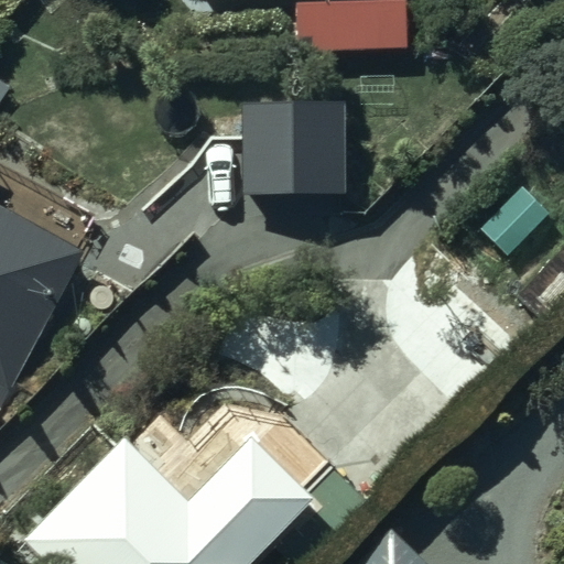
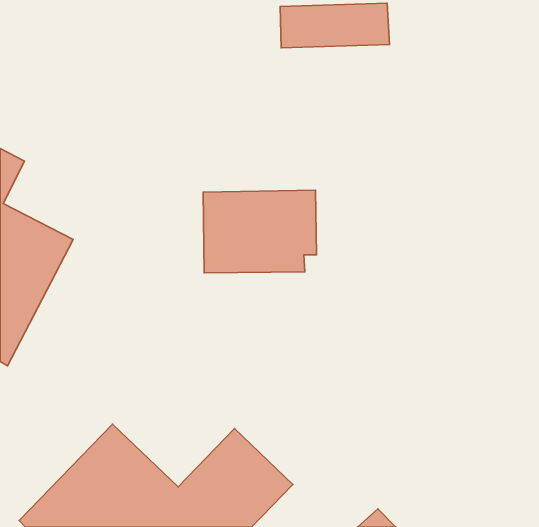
building: [241,106,359,192] -> [203,190,317,273]

